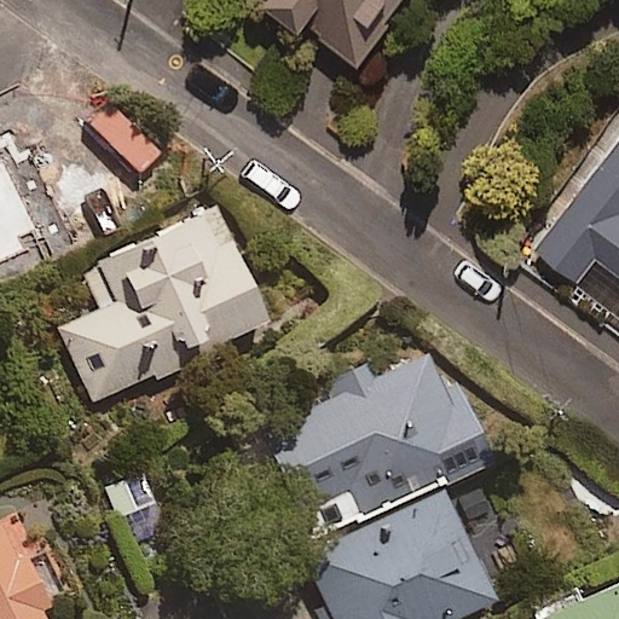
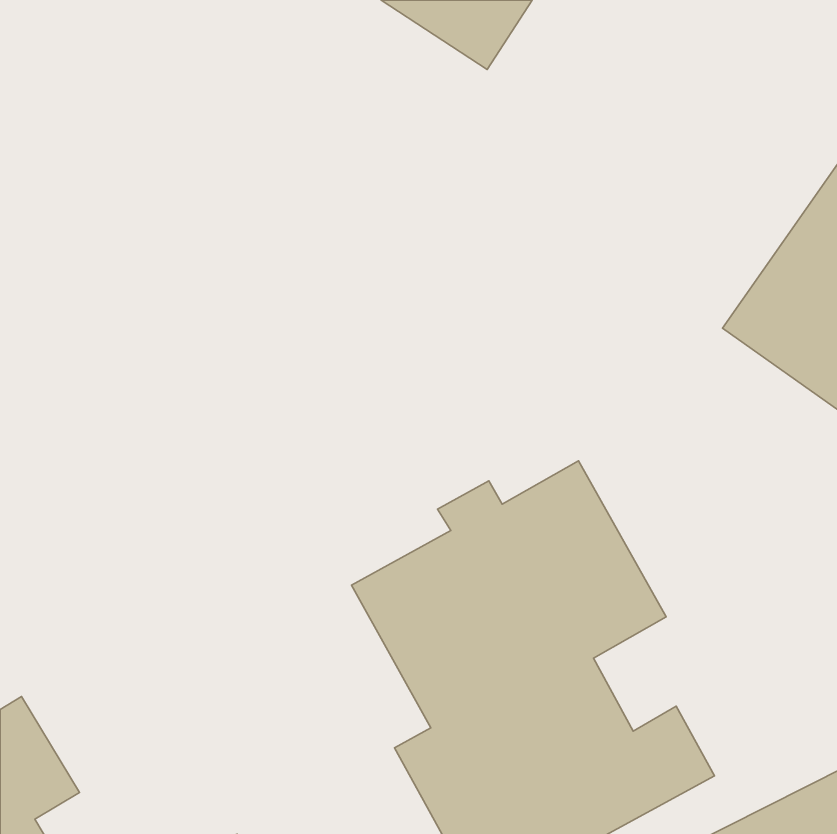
building: [63,209,268,409] -> none

